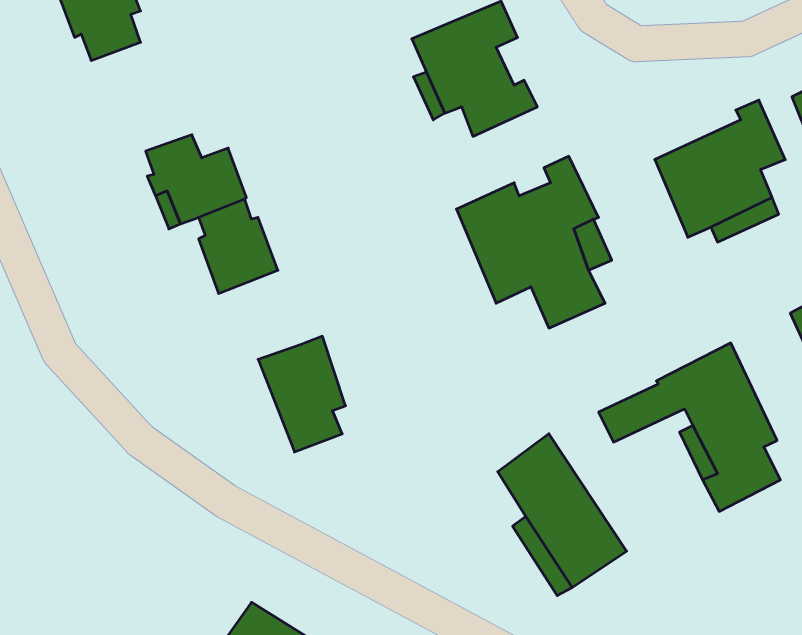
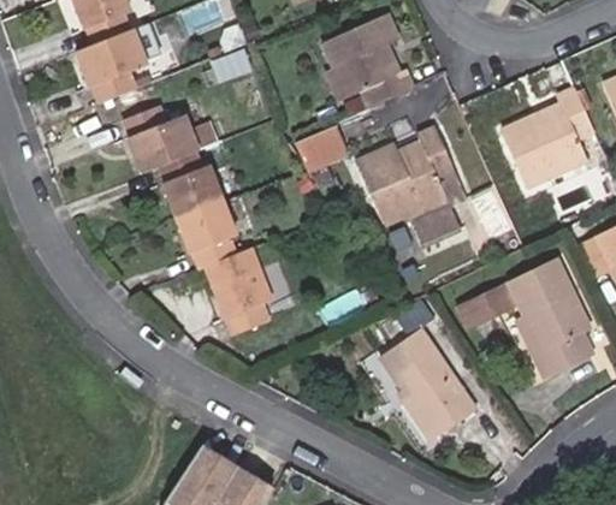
building: none -> [70,36,143,107]
building: none -> [291,125,346,173]
building: none -> [182,204,242,272]

